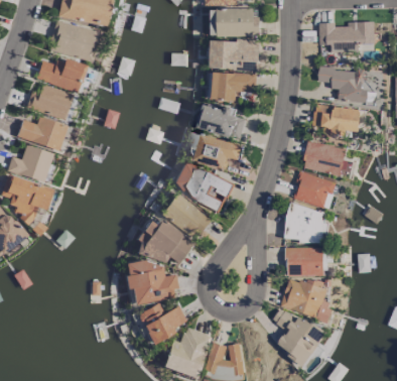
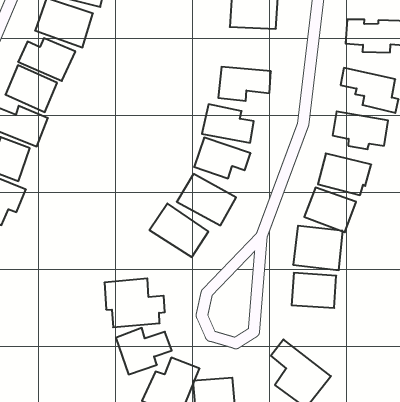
building: [210,39,259,70] -> none
building: [134,220,192,266] -> none
building: [281,277,333,321] -> none

